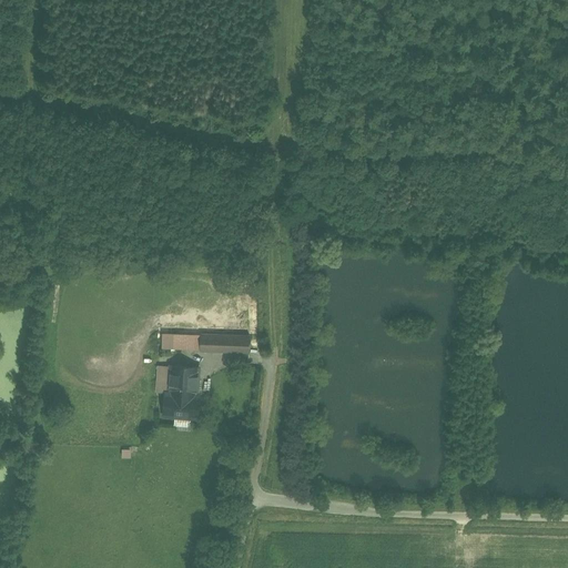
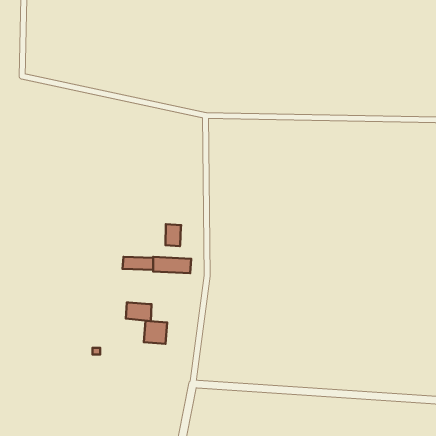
building: none -> [166,224,181,246]
building: [166,364,196,394] -> [144,321,167,344]

